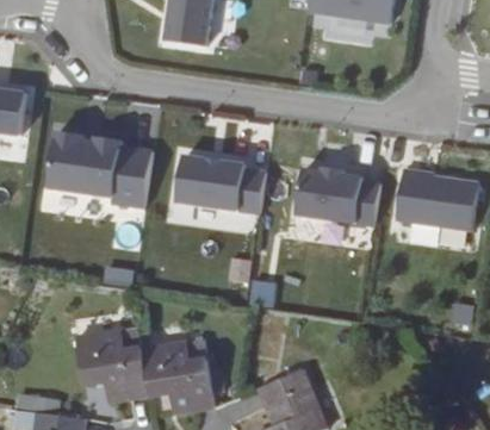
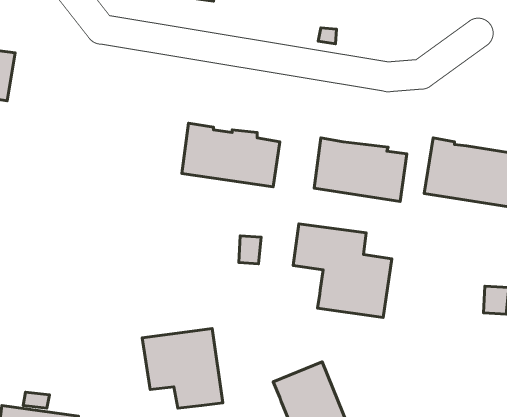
building: [48,131,151,207] -> none
building: none -> [293,224,392,317]
building: [75,328,148,401] -> none

